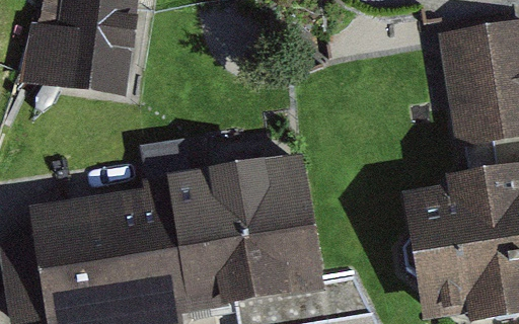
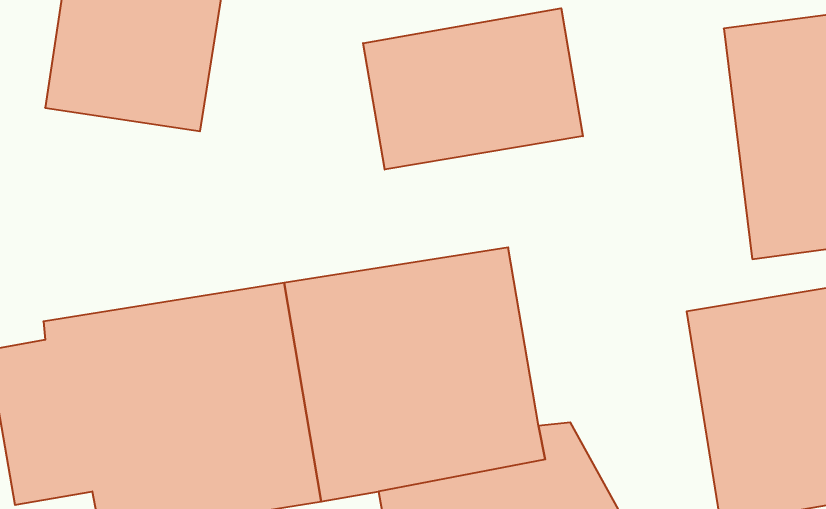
building: none -> [363,8,583,170]

